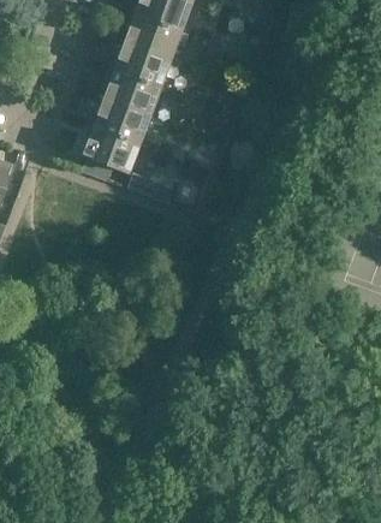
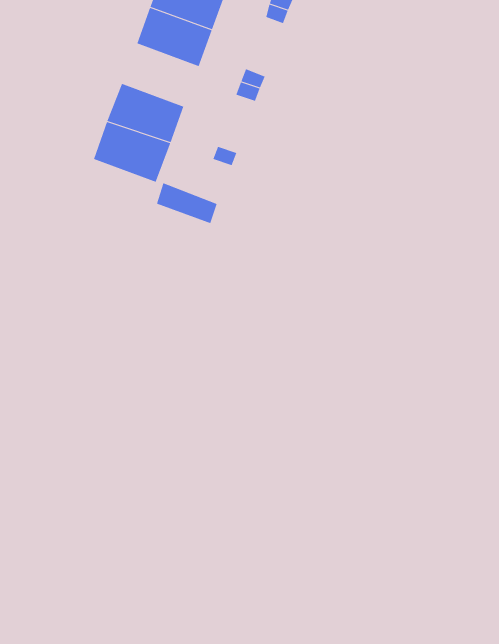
building: [103,71,160,117] -> none

